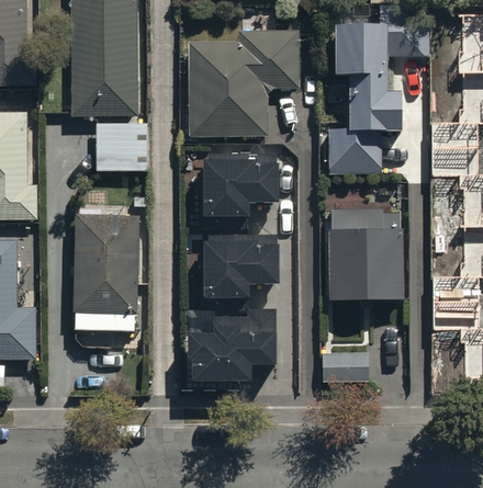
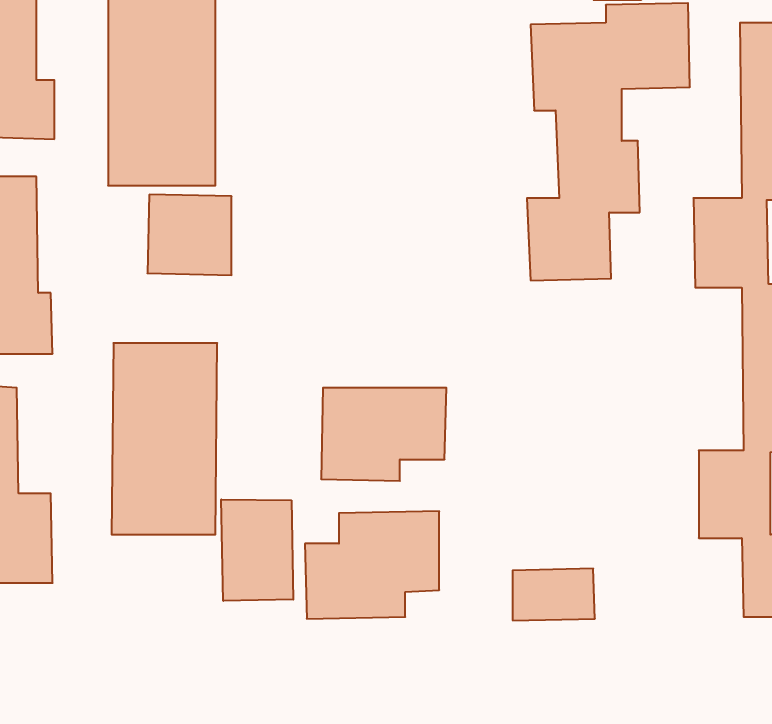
building: [190,30,297,133] -> none
building: [203,159,278,224] -> none
building: [327,213,402,302] -> none
building: none -> [221,499,293,601]

